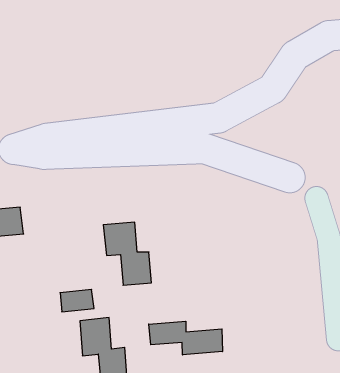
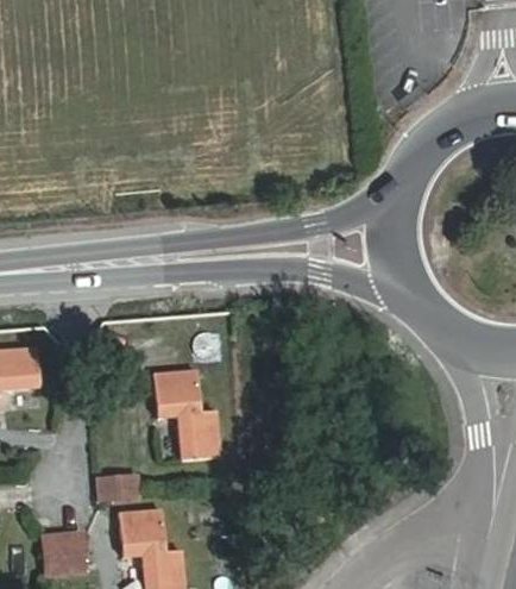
building: [149,321,222,355] -> none
building: none -> [37,526,87,574]

